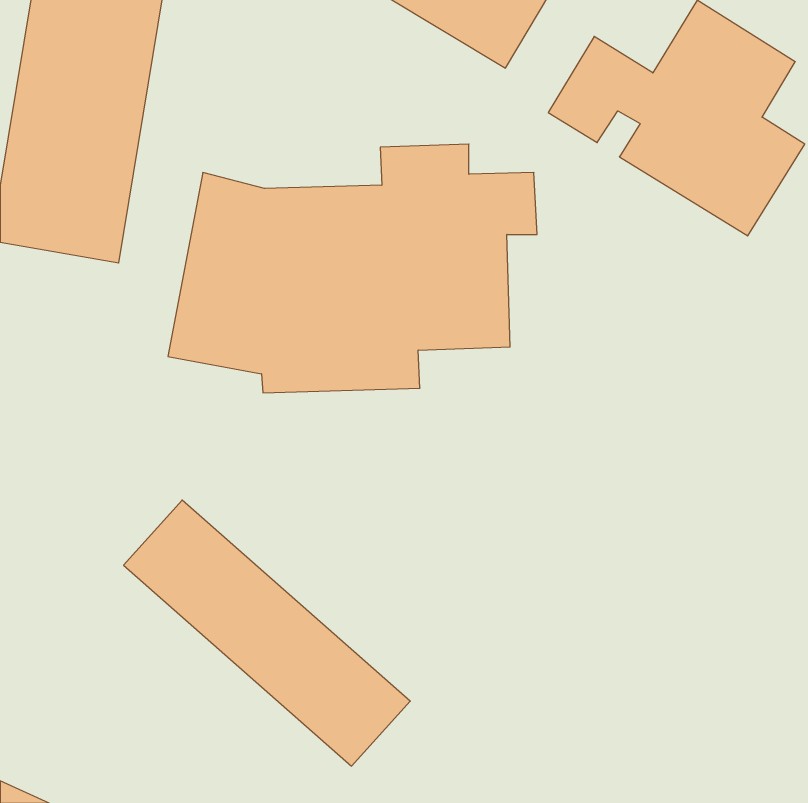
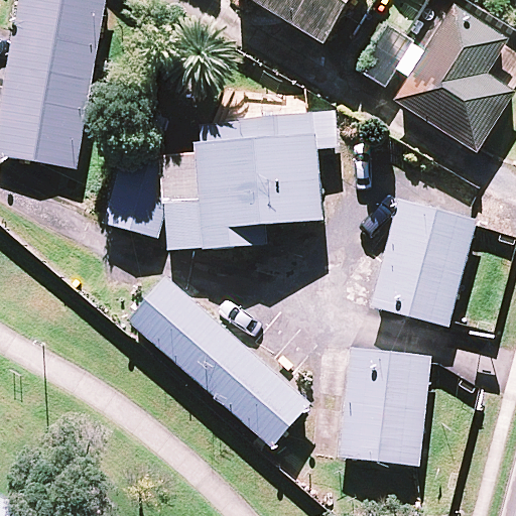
building: none -> [374,202,476,326]
building: [124,500,410,766] -> [126,276,308,445]
building: none -> [341,352,430,465]

